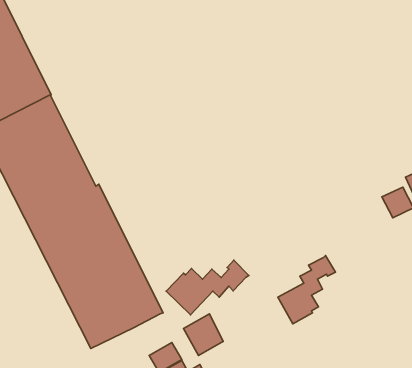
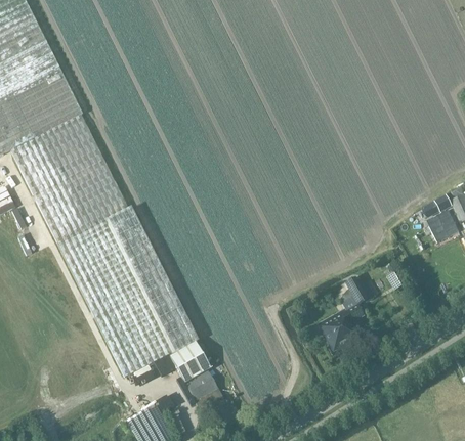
building: [166,260,249,315] -> none
building: [184,314,223,355] -> [169,341,210,384]

